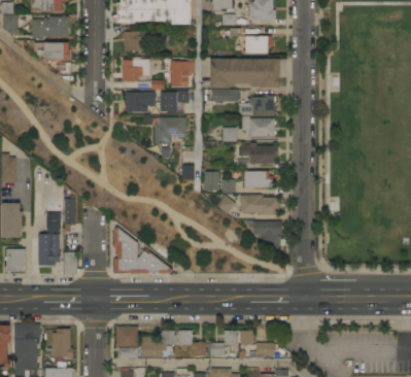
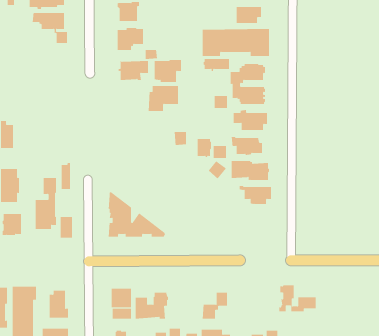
building: [167,59,195,88] -> none
building: [178,331,206,358] -> none
building: [237,331,276,358] -> [278,285,317,312]

